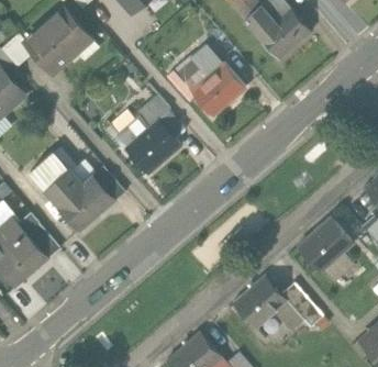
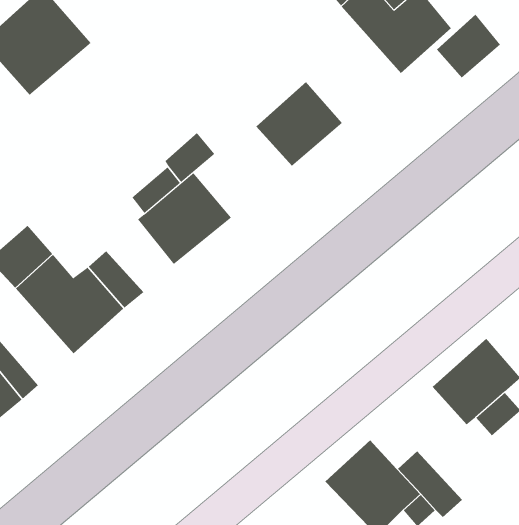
building: none -> [436,14,501,78]
building: [175,45,223,91] -> none

